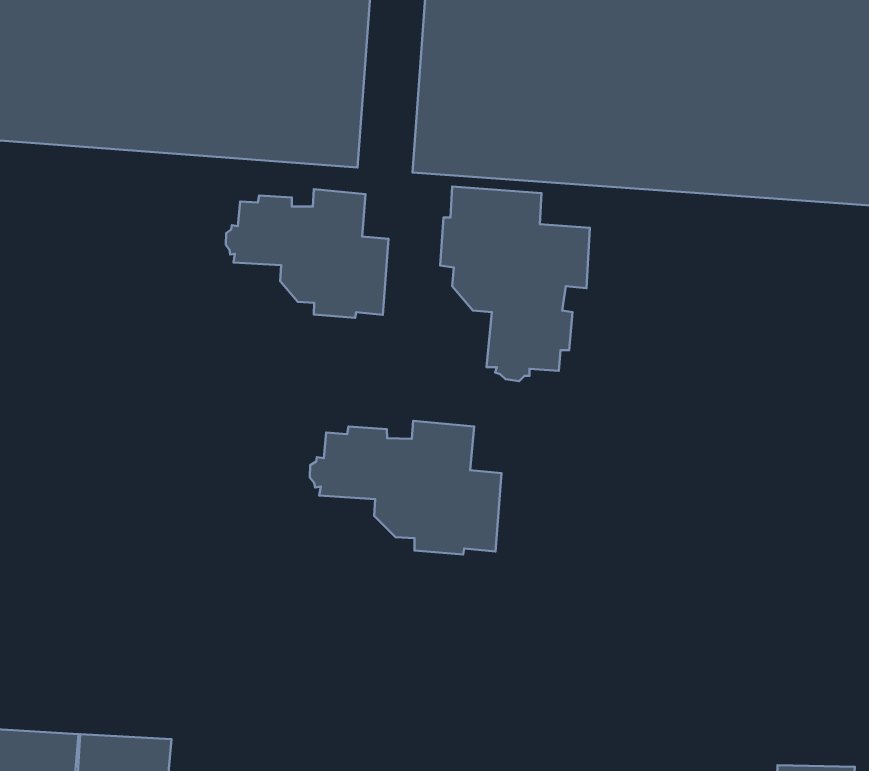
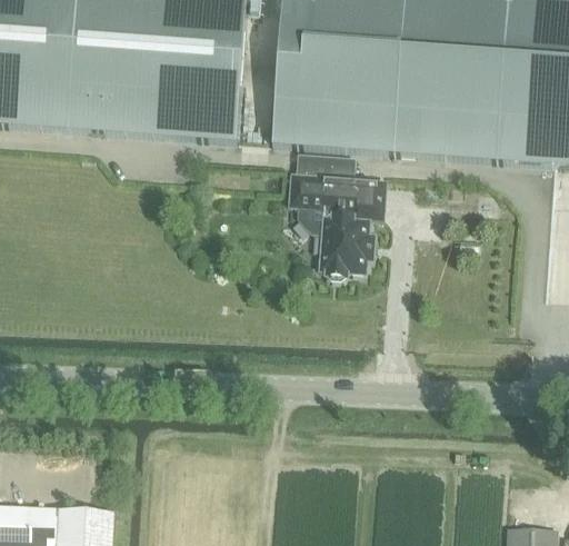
building: [226,189,389,318] -> none
building: [310,421,502,554] -> none

